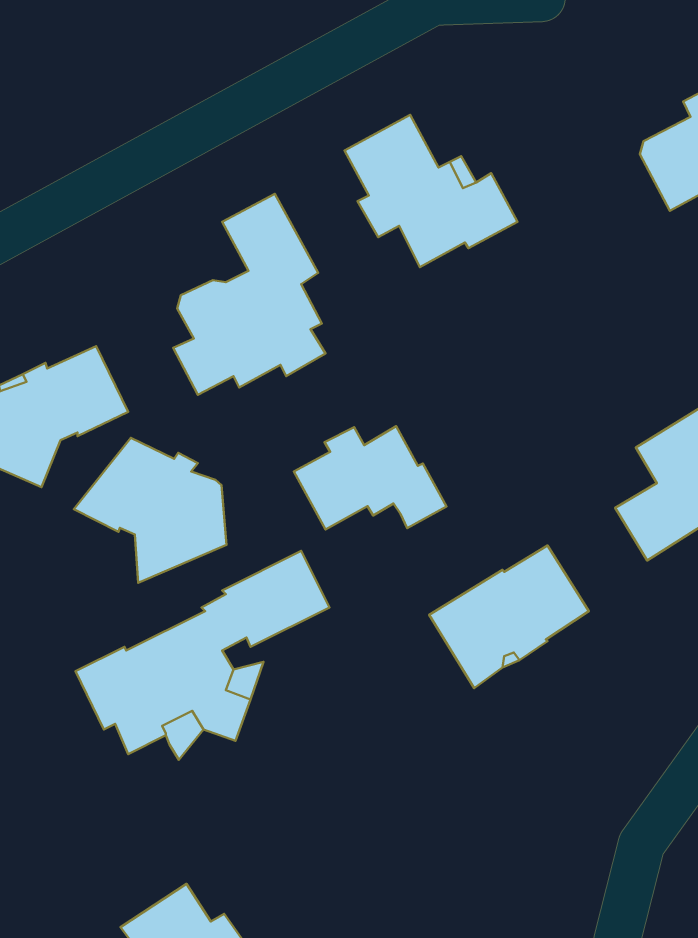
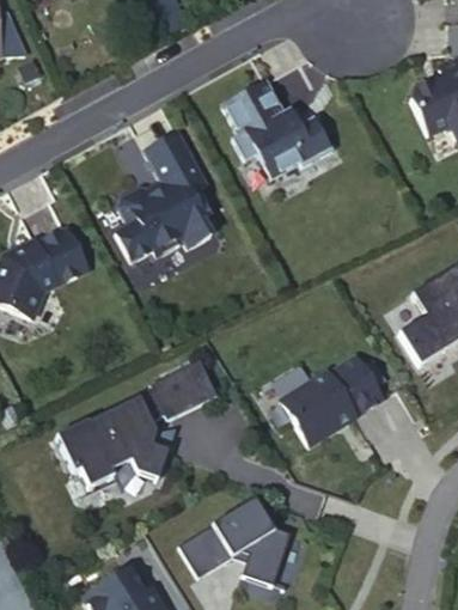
building: [294,426,446,529] -> none
building: [74,438,227,583] -> none
building: none -> [177,498,292,586]

